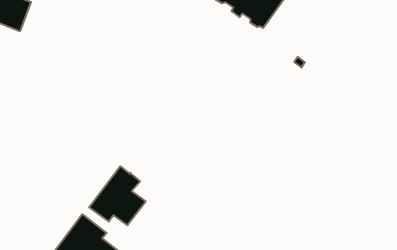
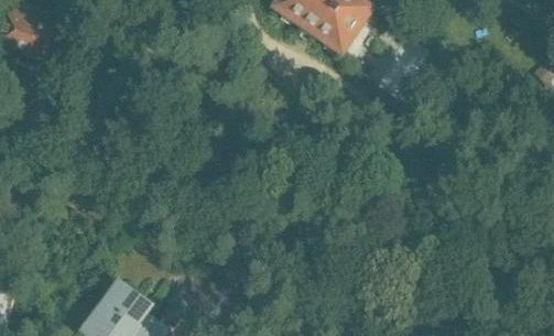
building: [89,166,146,225] -> none

